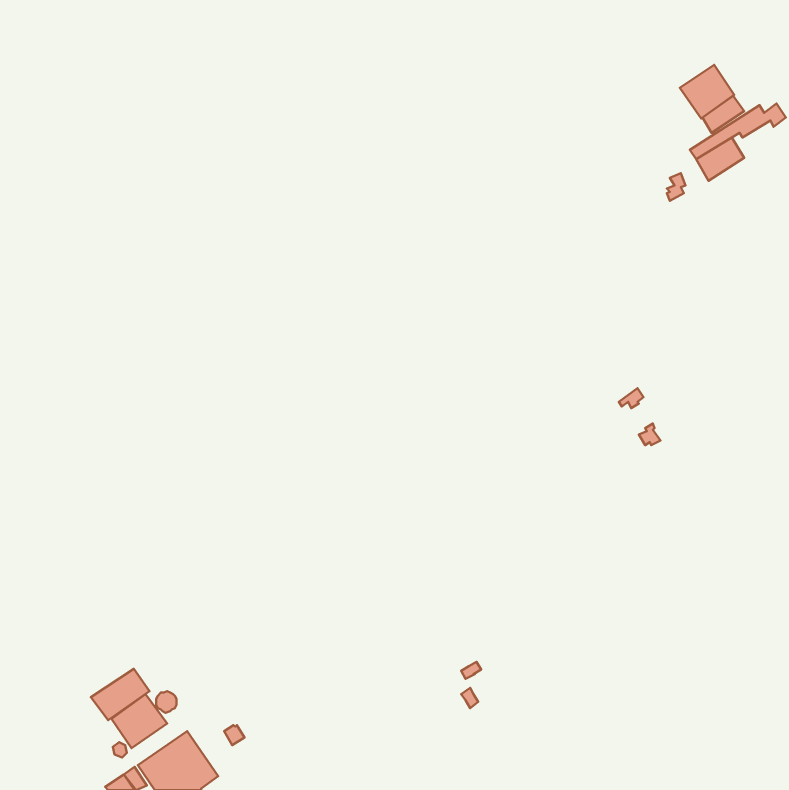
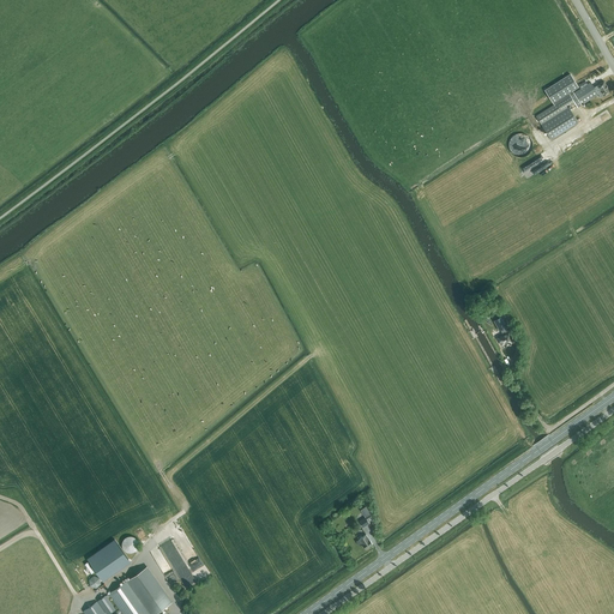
building: [680,65,734,118] -> none
building: [91,669,150,720] -> none

